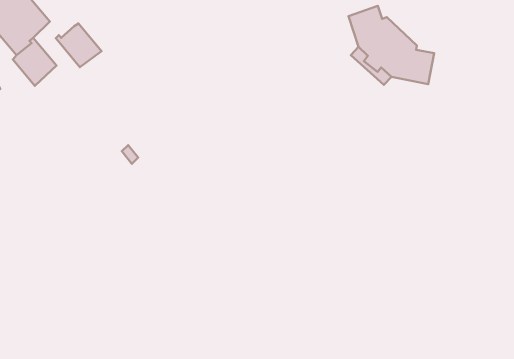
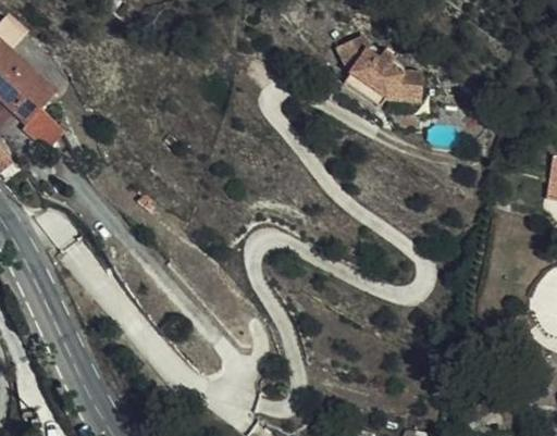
building: [56,24,102,67] -> none

